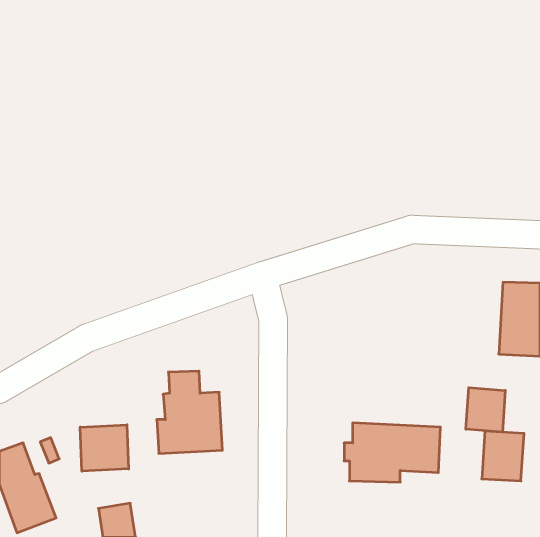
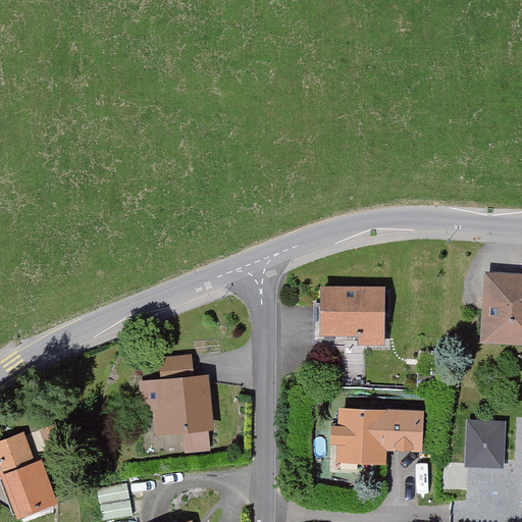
building: none -> [321,288,384,347]
building: [466,388,505,432] -> none
building: [80,425,129,471] -> none

